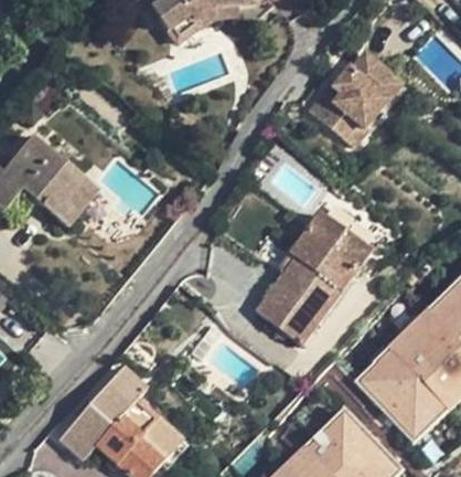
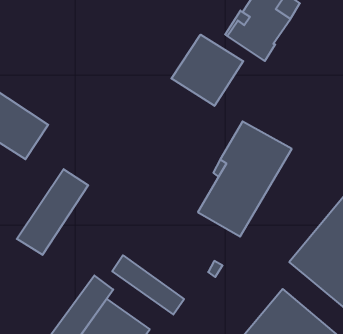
building: none -> [171,35,243,106]
building: none -> [17,169,88,255]
building: none -> [112,255,184,315]

